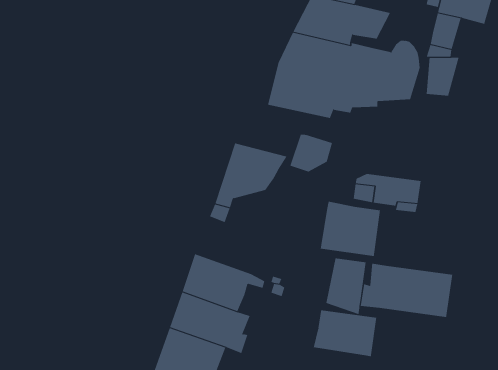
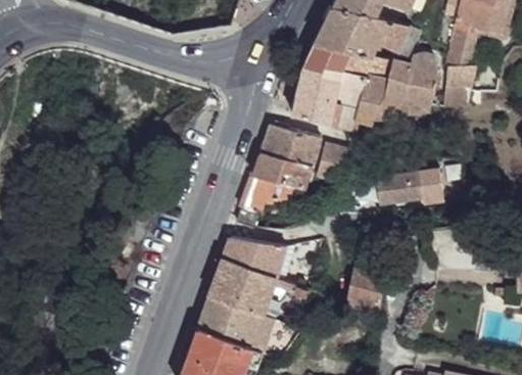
building: none -> [259,121,323,162]
building: [320,201,380,257] -> none
building: none -> [221,237,287,276]
building: [360,263,453,318] -> none
building: [313,310,377,357] -> none

